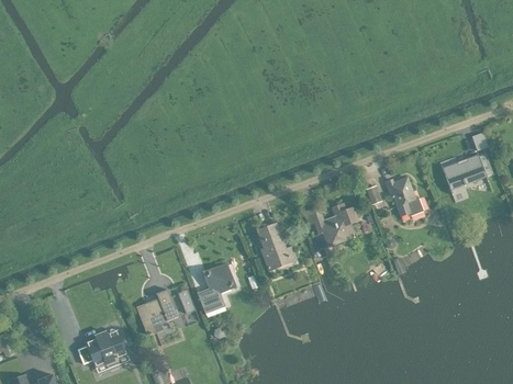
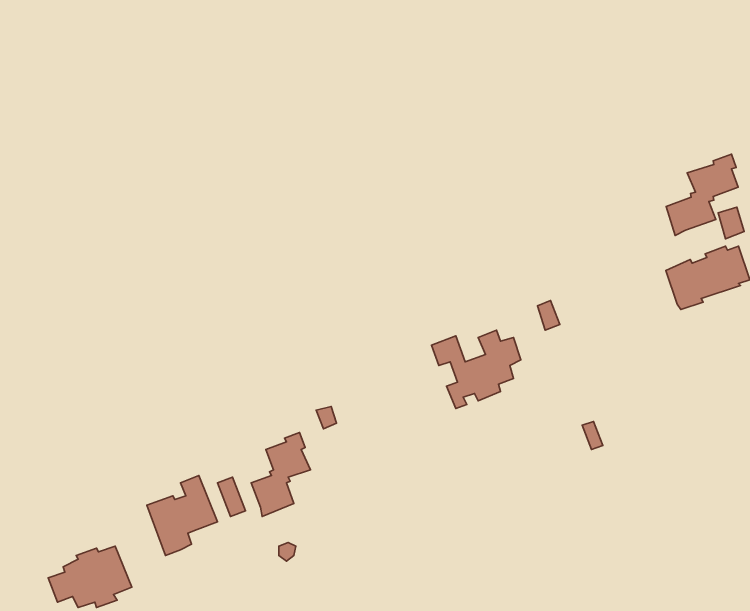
building: none -> [666,154,738,236]
building: [384,177,423,216] -> none
building: [258,224,295,269] -> none

